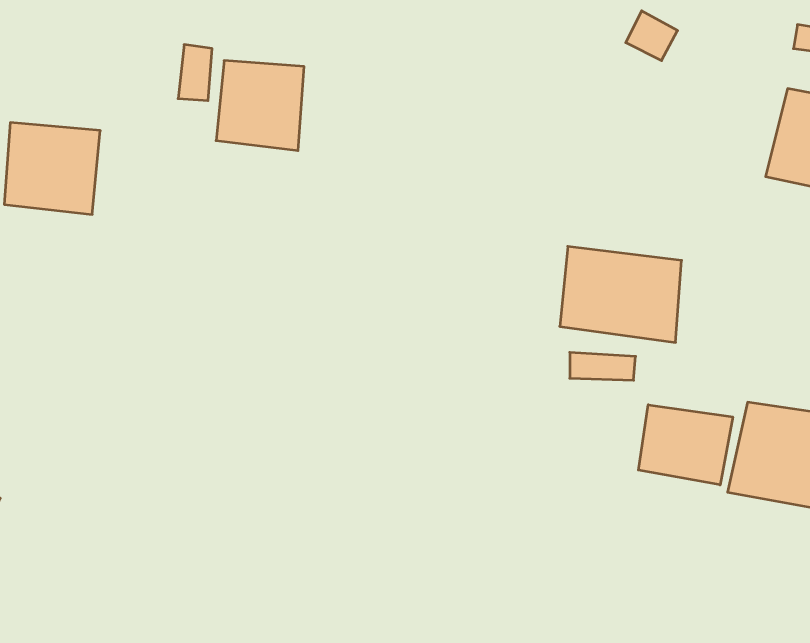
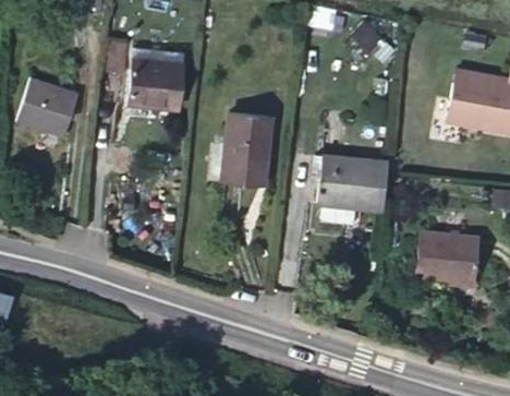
building: none -> [229,109,270,177]
building: [638,405,733,485] -> none

